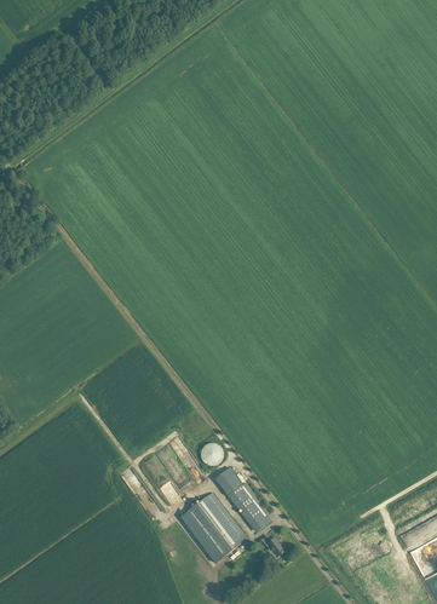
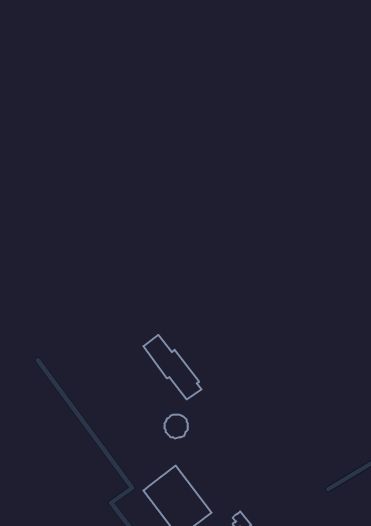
building: [215,467,272,530] -> [143,335,202,399]

